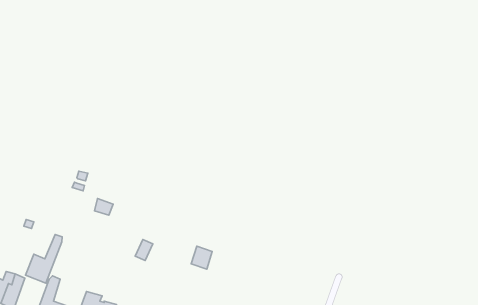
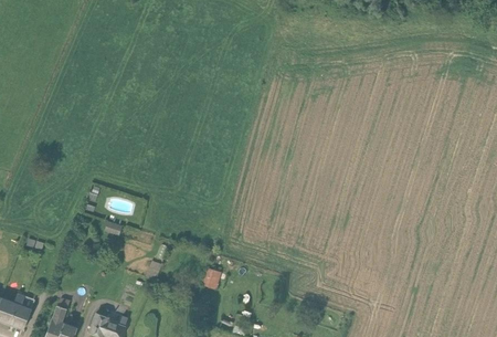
building: [25,235,62,283] -> none

